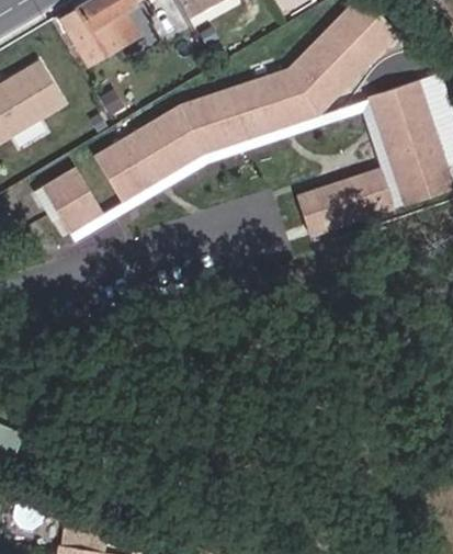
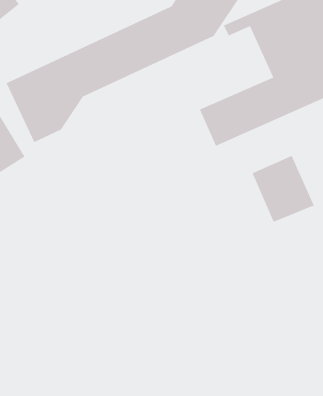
building: none -> [251,155,315,223]

